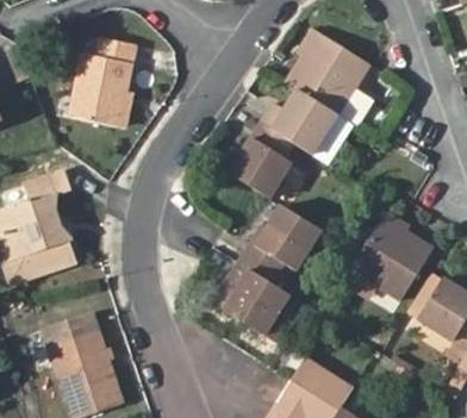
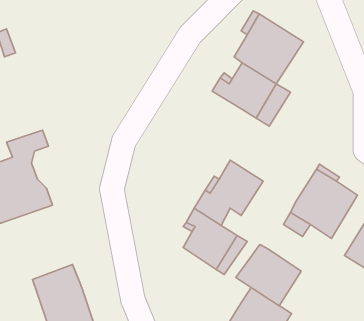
building: [68,37,131,127] -> none
building: [234,121,297,196] -> none
building: none -> [236,244,301,306]

